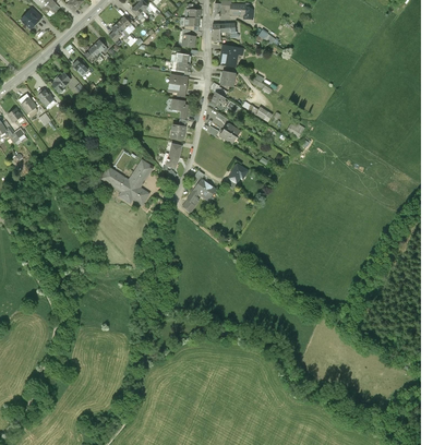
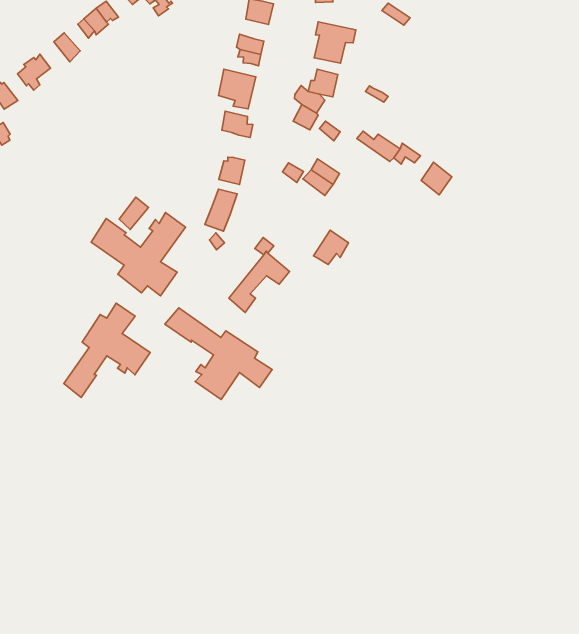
building: none -> [64,303,150,398]
building: none -> [165,308,272,400]

